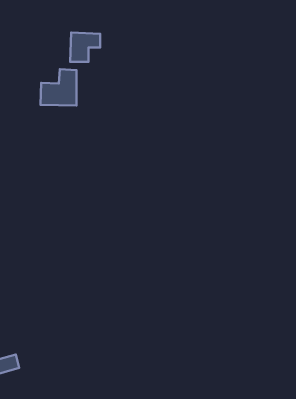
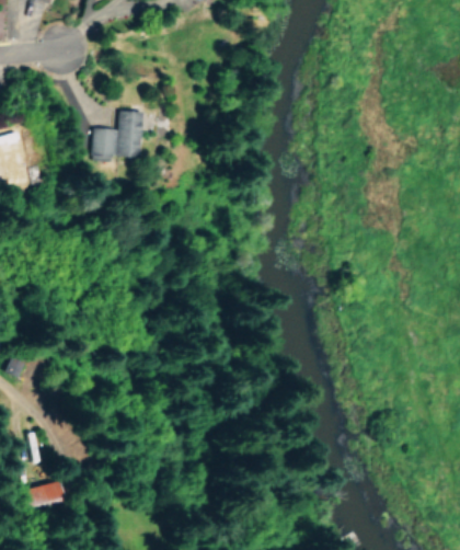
building: [70,32,100,62] -> none

